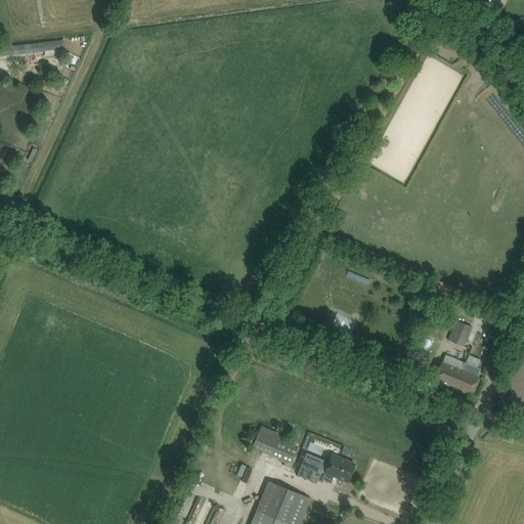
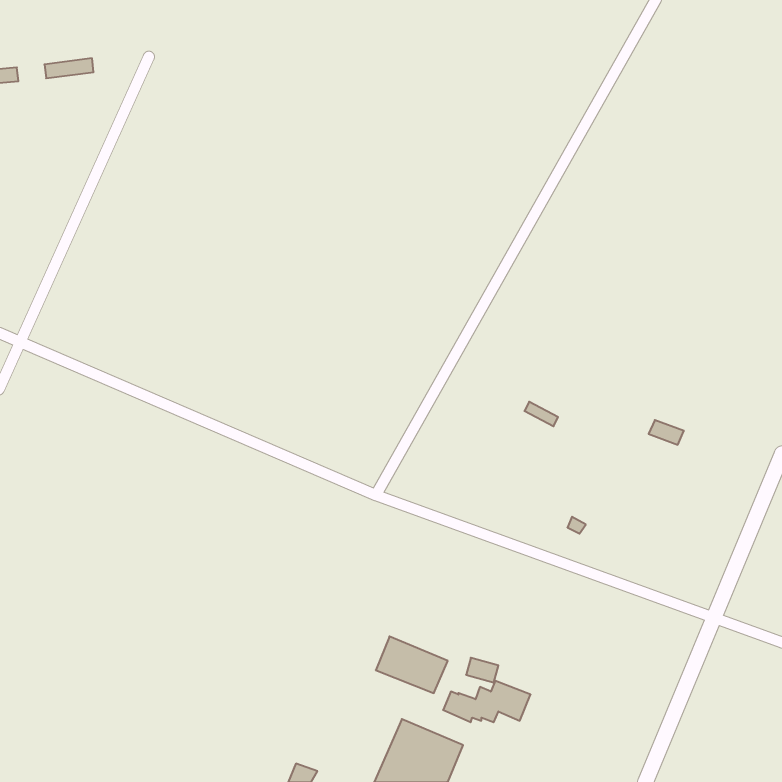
building: [447,320,471,347] -> none
building: [433,361,479,394] -> none

